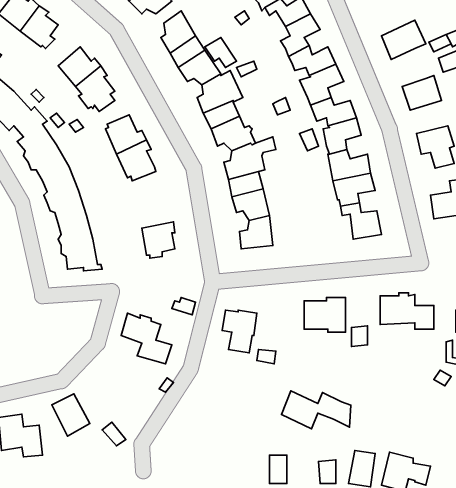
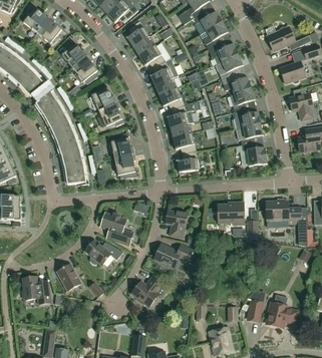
building: none -> [109,132,134,158]
building: none -> [85,240,123,265]
building: [282,391,351,429] -> [154,244,199,268]
building: none -> [131,276,163,307]

